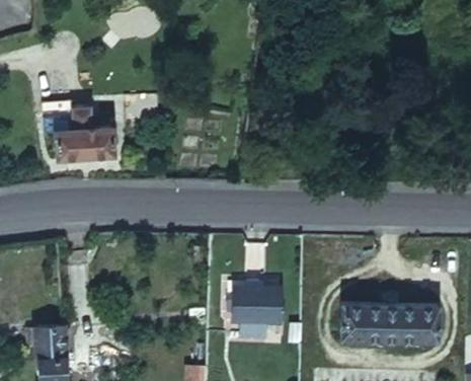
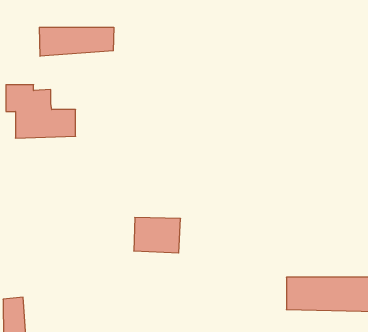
building: none -> [39,27,114,56]
building: [231,285,281,322] -> [134,218,181,253]

